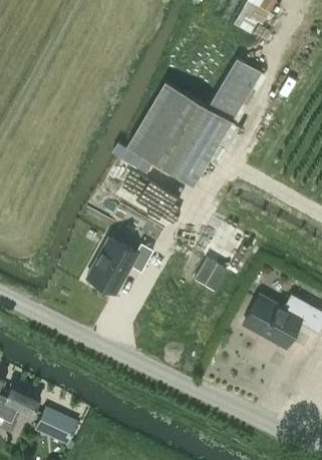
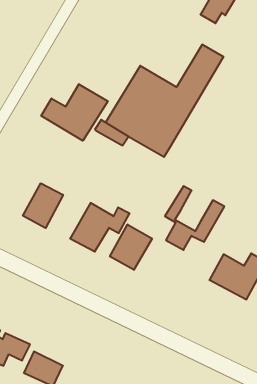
building: none -> [41,84,108,141]
building: none -> [23,183,63,228]
building: none -> [110,224,152,270]

